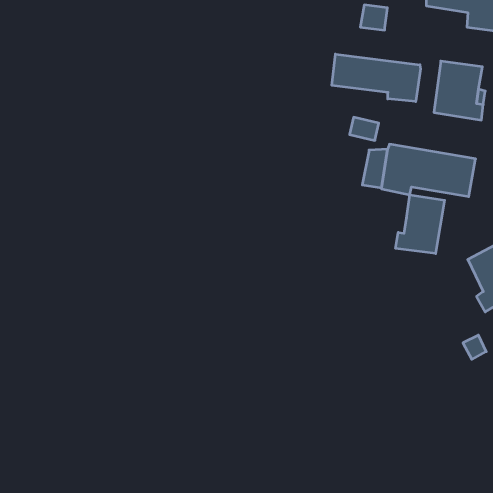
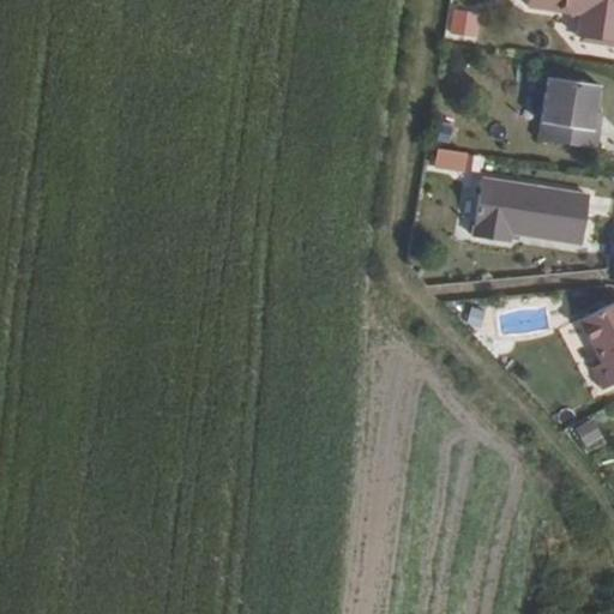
building: [332,54,421,102] -> none
building: [396,195,445,254] -> none

